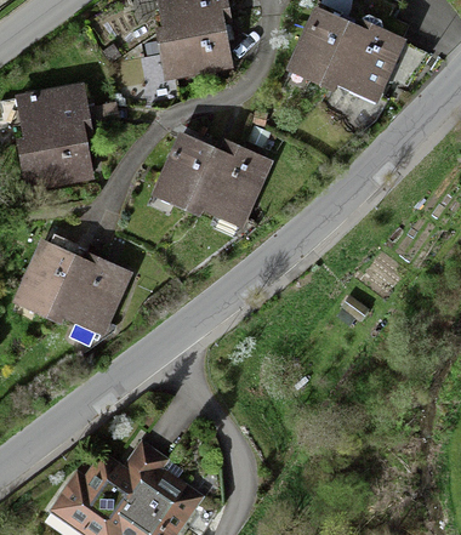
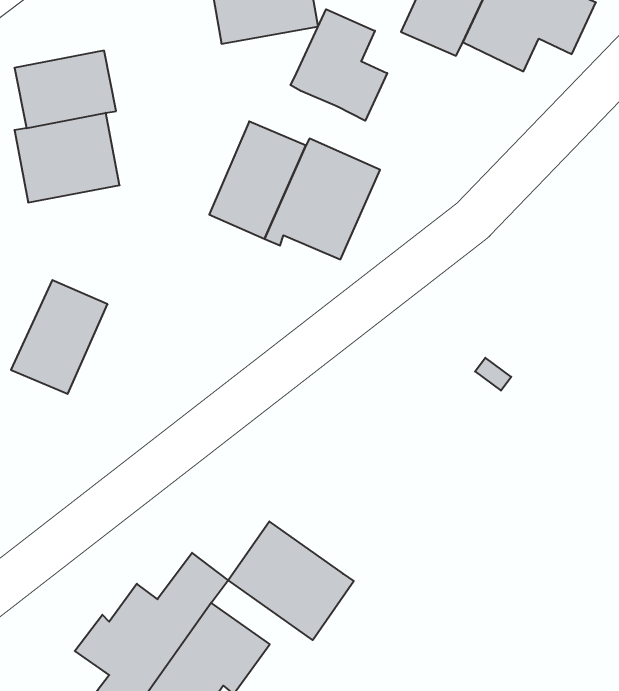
building: none -> [290,9,387,121]
building: [58,254,133,336] -> none
building: none -> [228,521,354,640]

